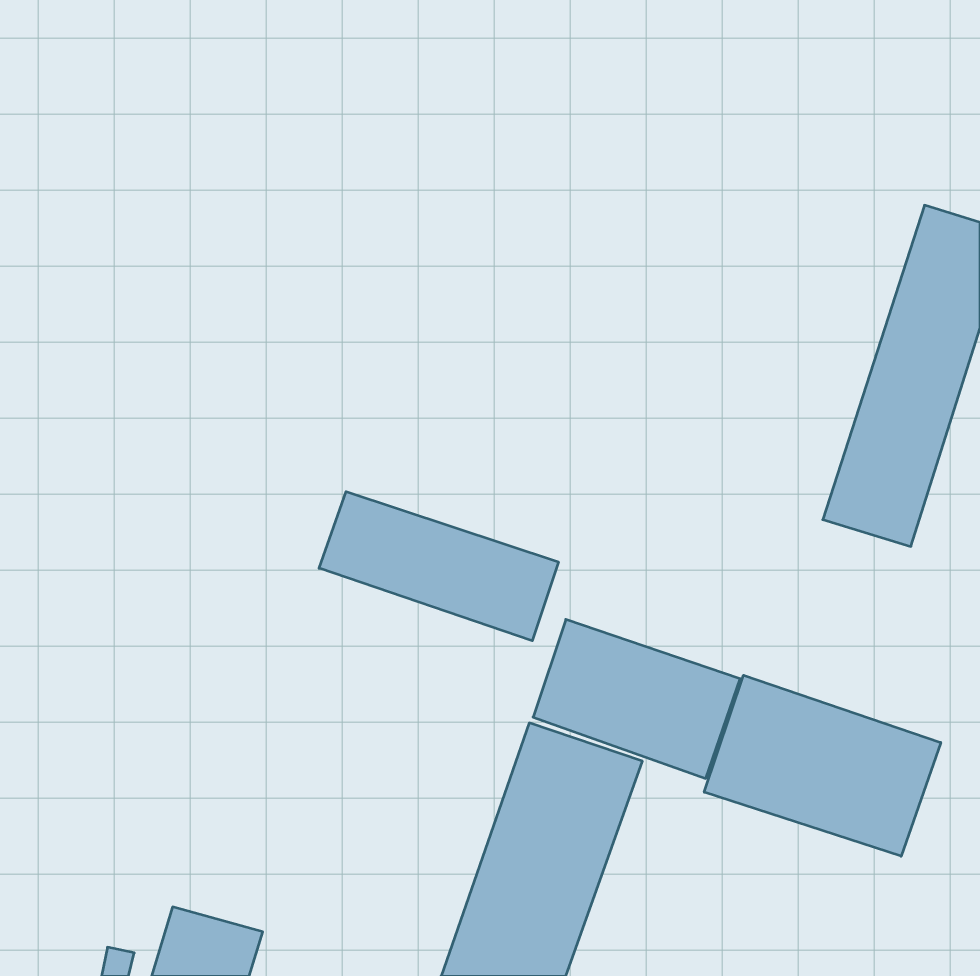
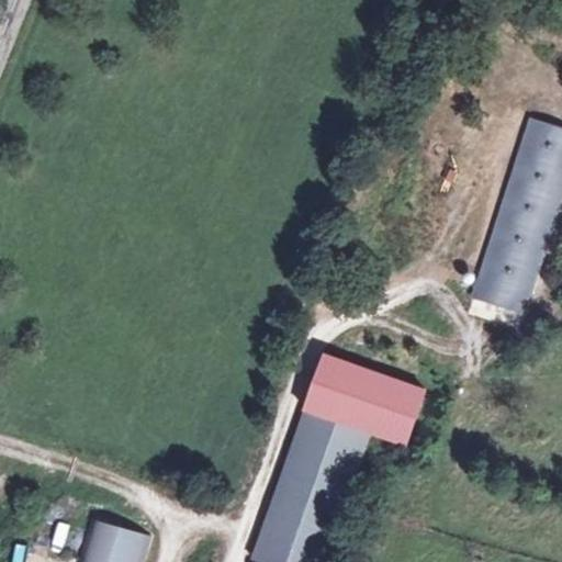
building: [319,492,558,641] -> none
building: [704,675,941,856] -> none

